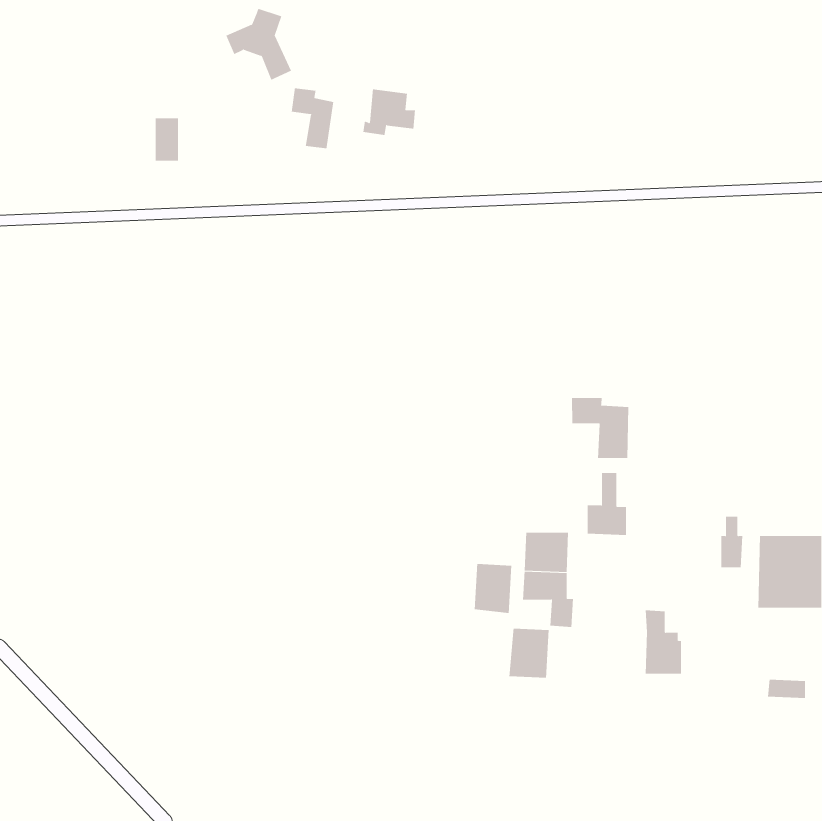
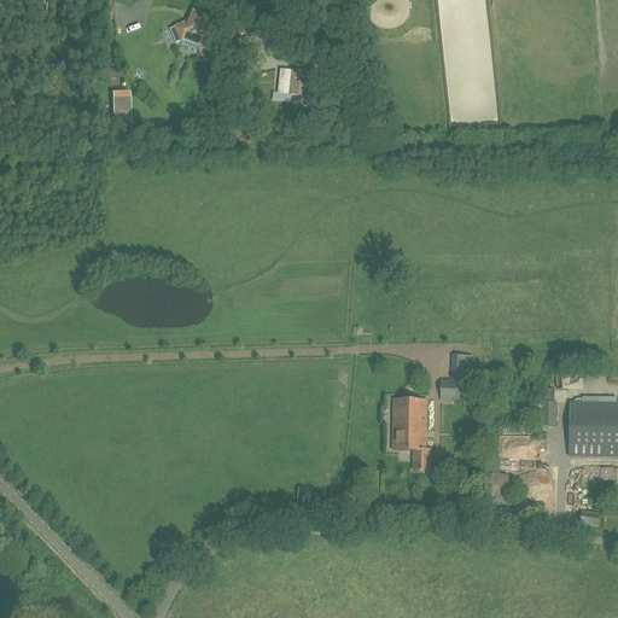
building: [291,87,334,149] -> none
building: [572,397,629,459] -> none
building: [474,563,512,614] -> none
building: [509,628,549,679] -> none

